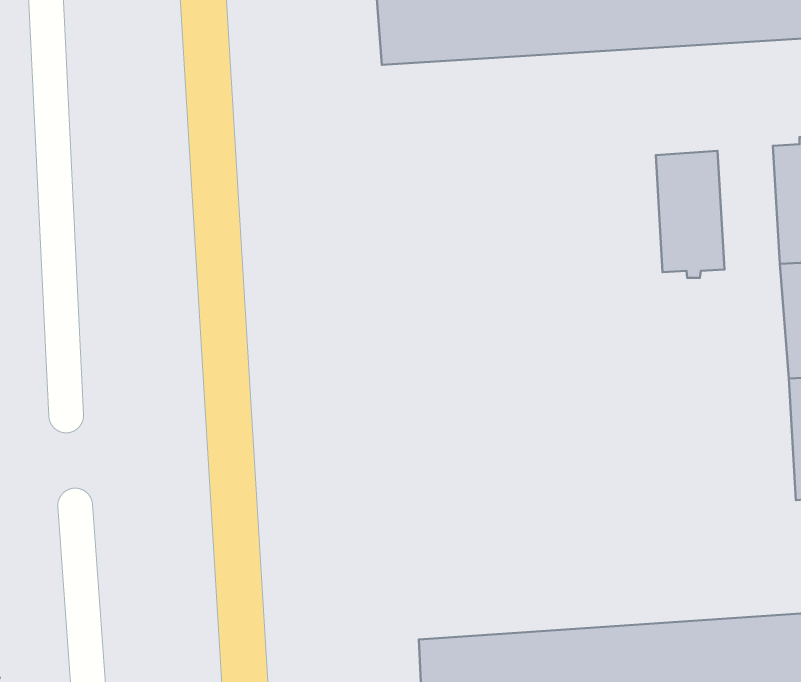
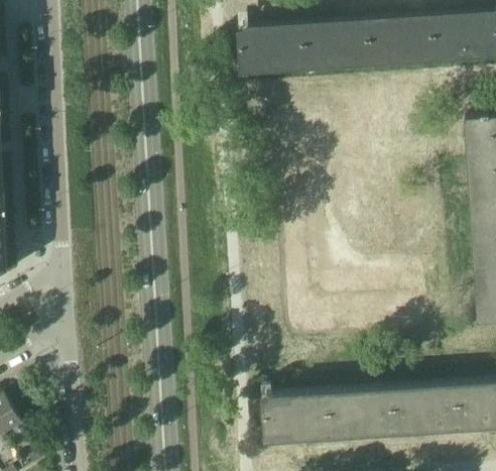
building: [656,151,725,278] -> none

